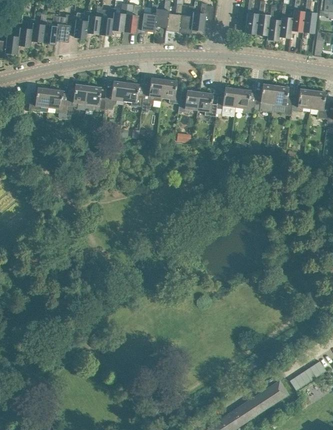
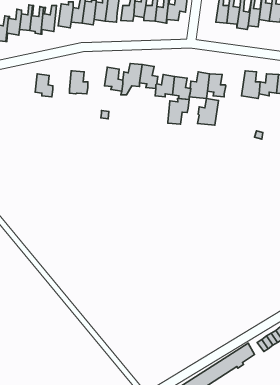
building: [105,80,126,104] -> none
building: [67,83,88,109] -> none
building: [253,83,276,112] -> [197,99,219,125]
building: [29,86,50,110] -> none
building: none -> [168,99,189,124]

